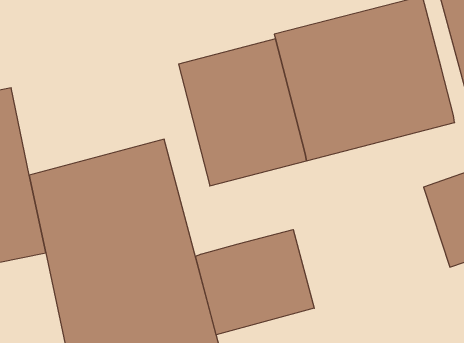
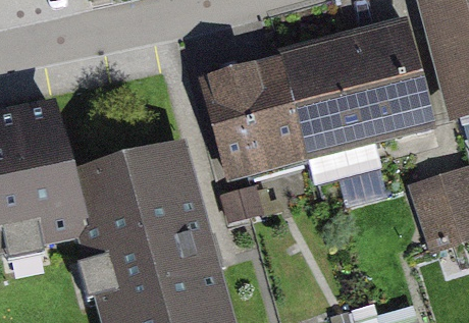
building: [195,230,314,335] -> none

